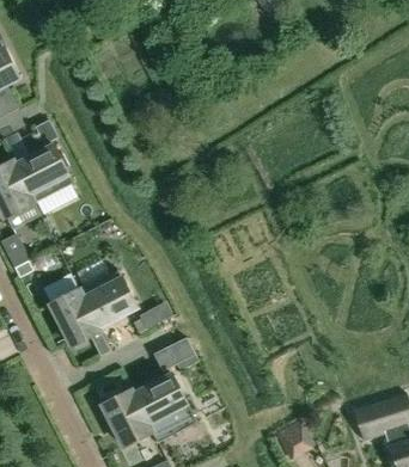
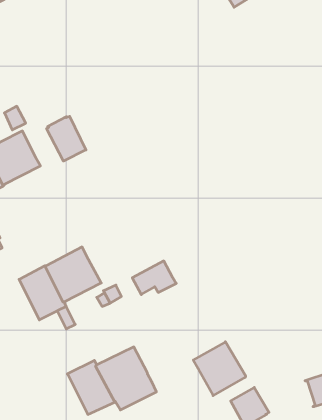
building: none -> [47,116,86,161]
building: [152,336,199,371] -> [132,261,176,295]
building: none -> [193,342,246,396]

